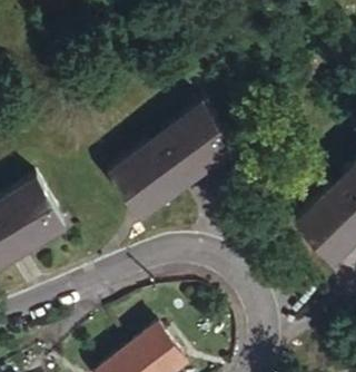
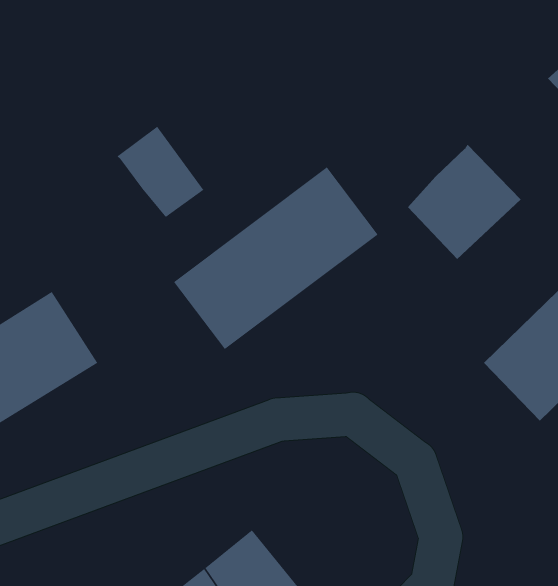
building: none -> [117,126,204,218]
building: none -> [407,144,522,260]

